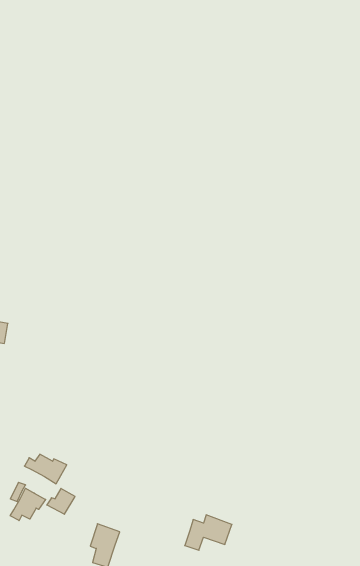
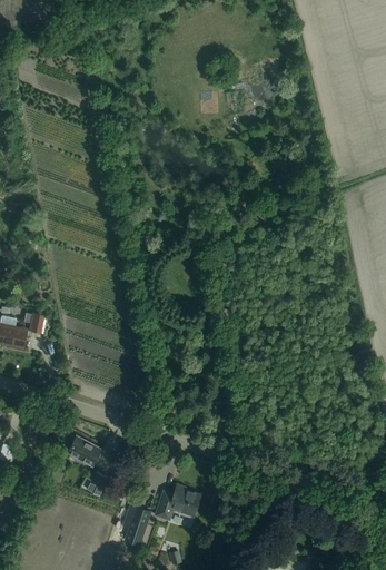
building: [10,488,46,521] -> none
building: [185,515,232,550] -> [157,487,201,520]

